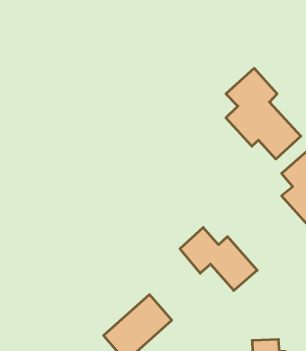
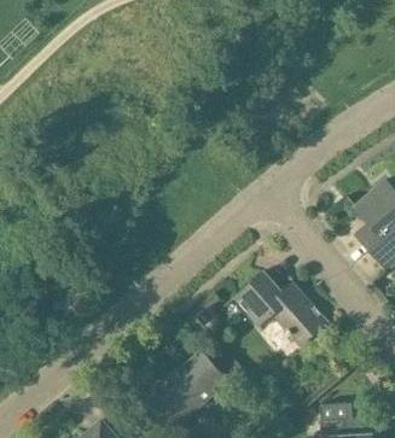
building: [226,68,301,159] -> none

